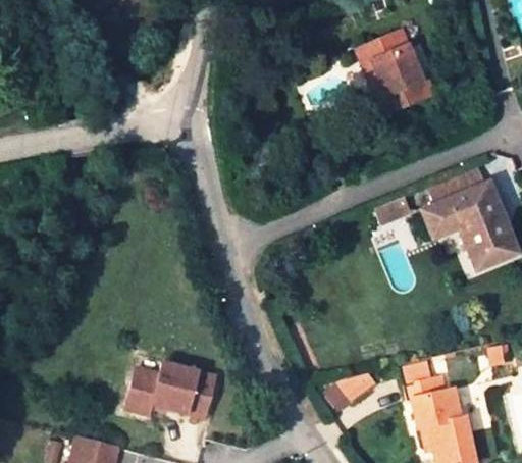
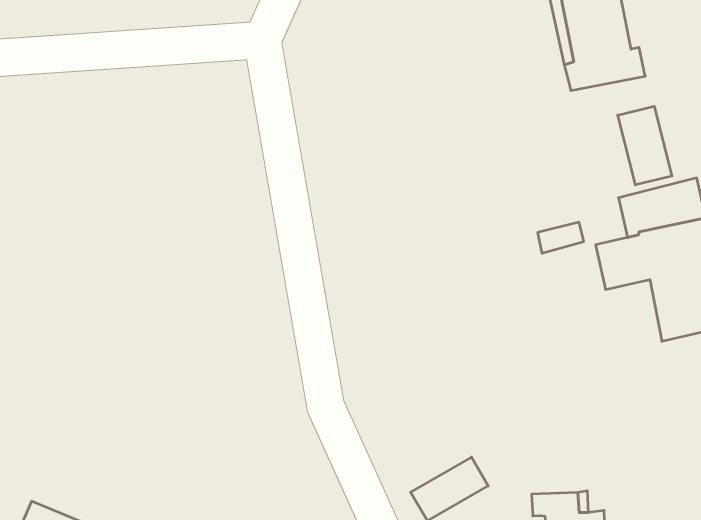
building: none -> [618,106,672,185]
building: [116,365,204,419] -> none

